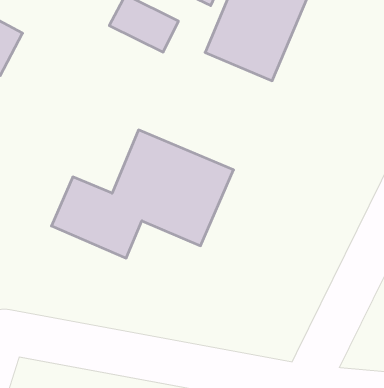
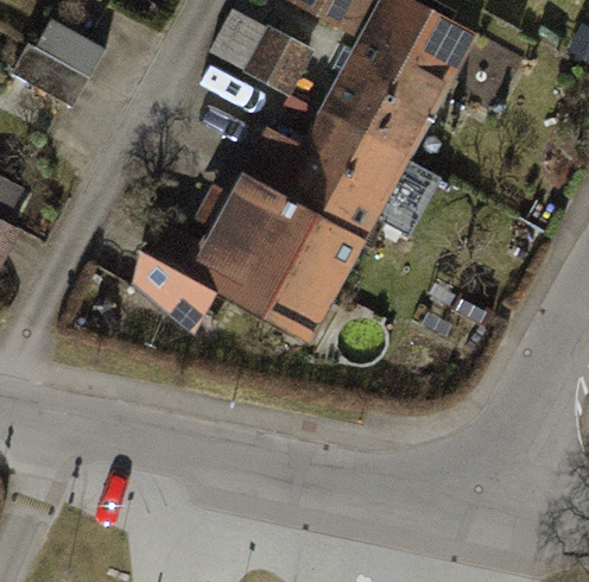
building: none -> [278,90,416,243]

